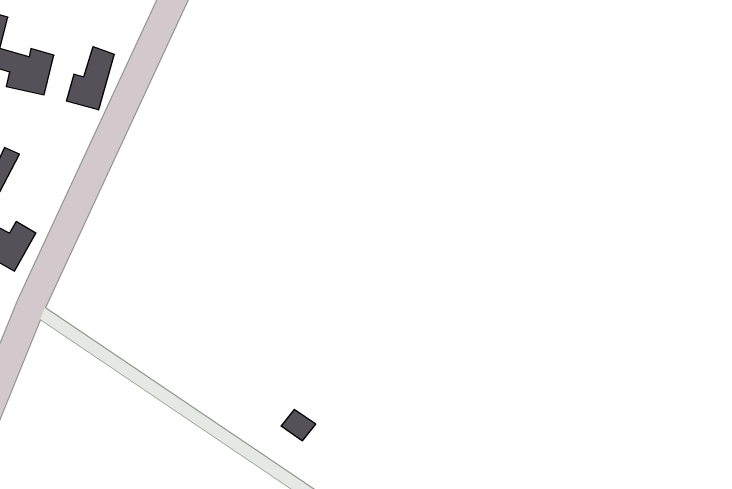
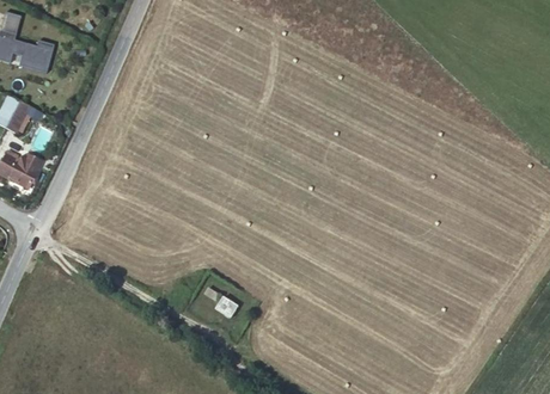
building: [67,47,114,110] -> none

